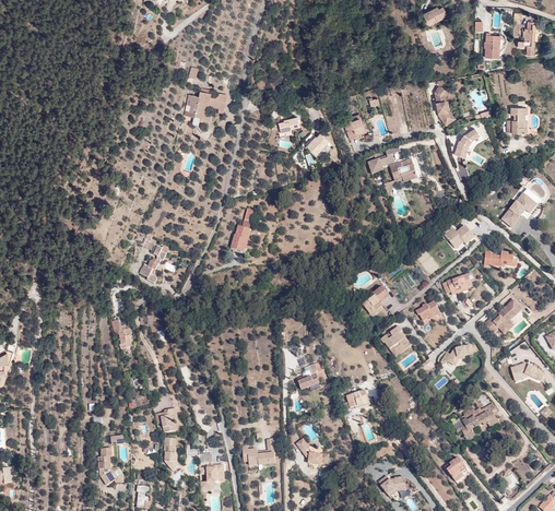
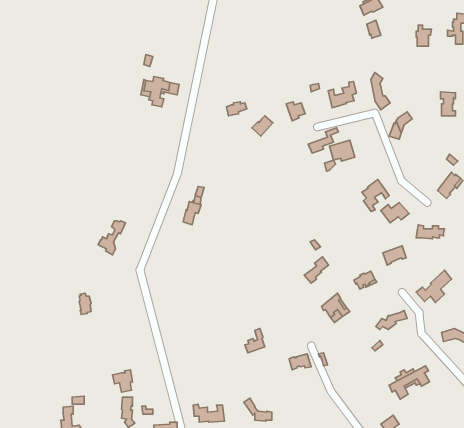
building: none -> [328,82,356,108]
building: none -> [362,179,389,212]

